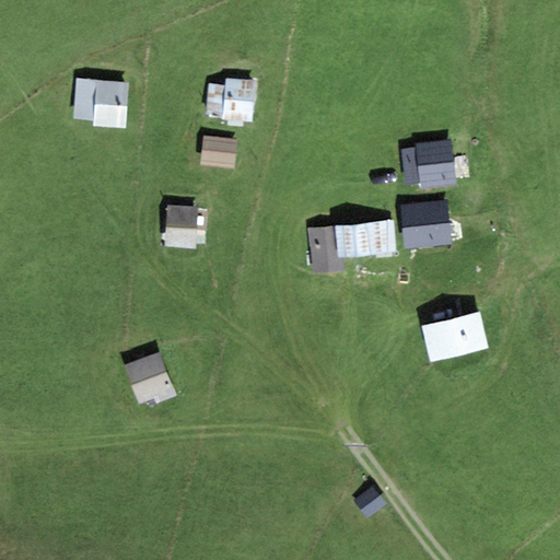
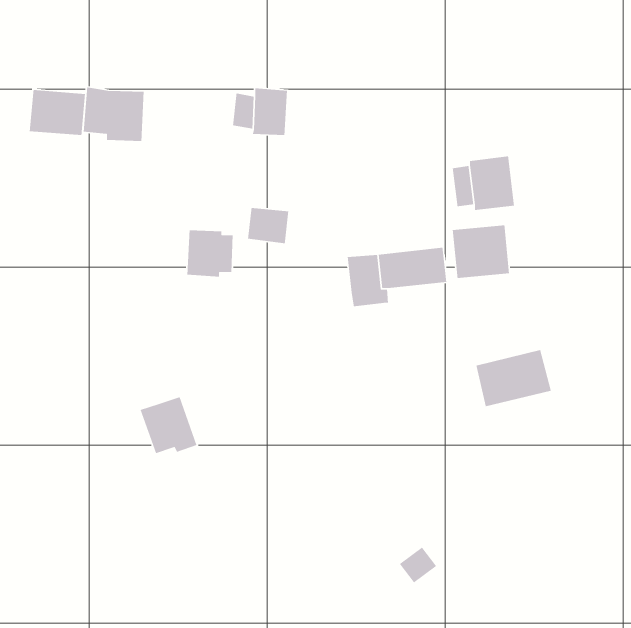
building: none -> [29,89,86,136]
building: [200,135,237,167] -> [247,207,289,244]

